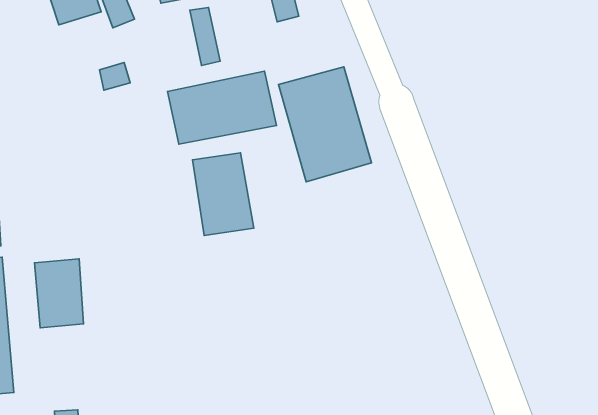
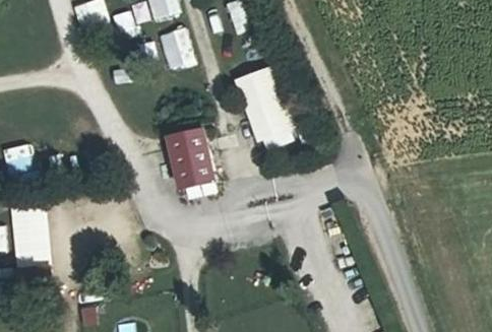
building: [168,71,276,144] -> none
building: [34,259,83,328] -> none

